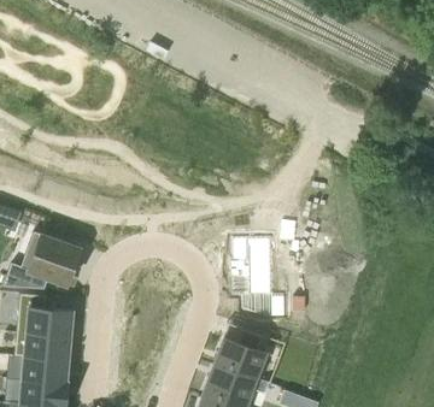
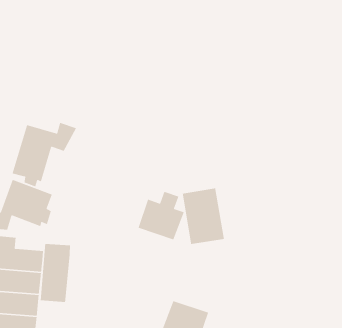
building: none -> [11,122,77,188]
building: none -> [40,243,71,303]
building: [215,325,266,379] -> [138,191,185,240]

